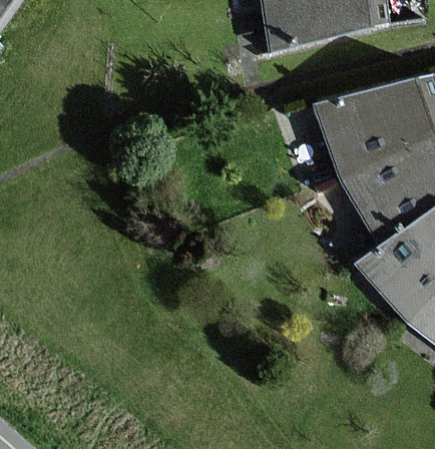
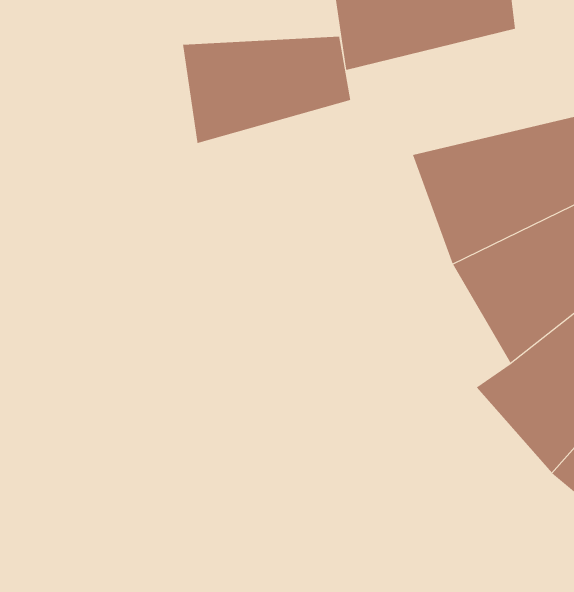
building: none -> [183,36,351,144]

